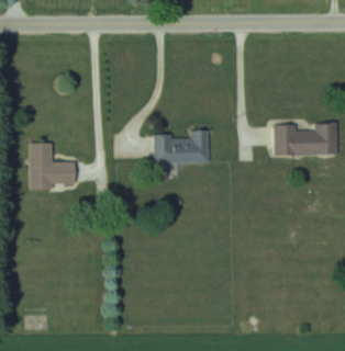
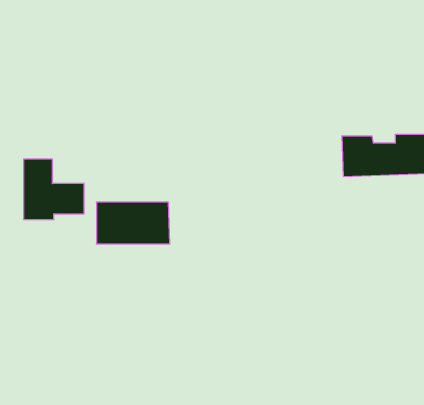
building: [152,132,208,163] -> [96,202,170,244]

